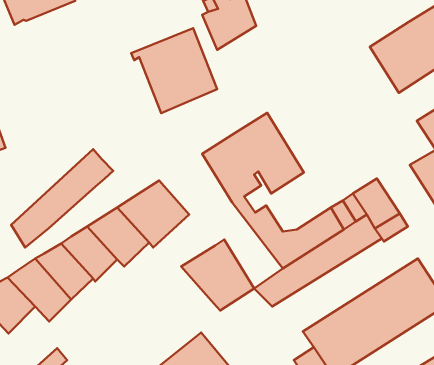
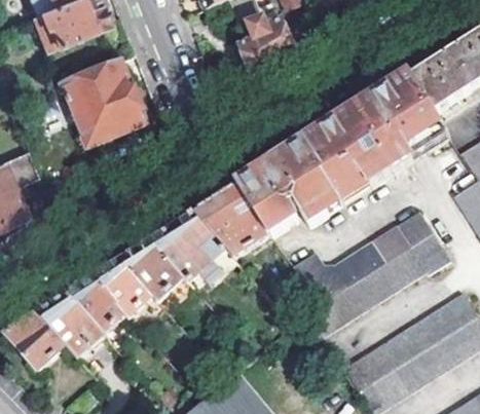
building: [131,28,217,113] -> [58,59,146,146]
building: none -> [306,74,451,203]
building: [11,149,113,247] -> none
building: [181,240,254,310] -> [195,184,270,257]

